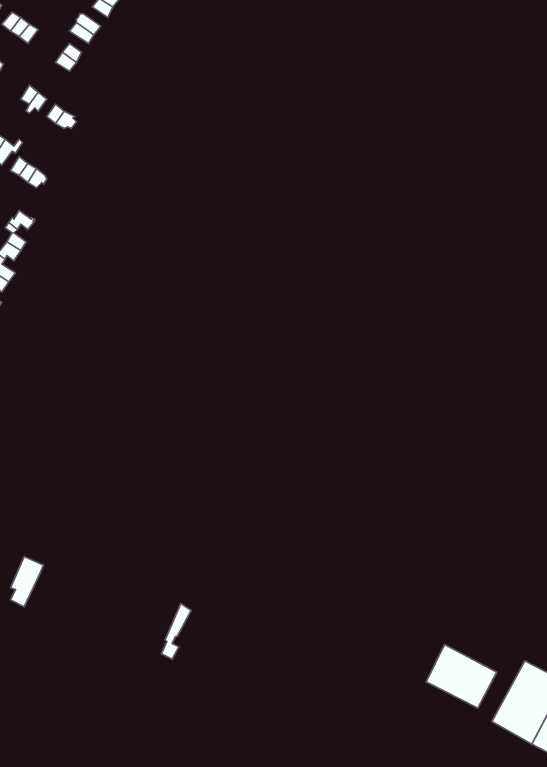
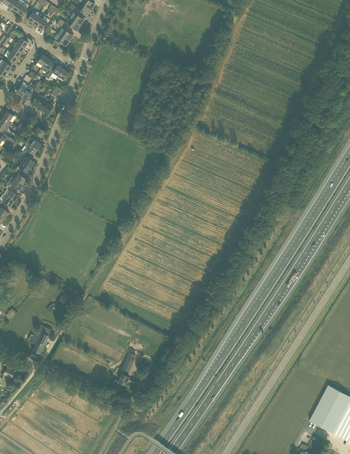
building: [426,644,497,708] -> none

